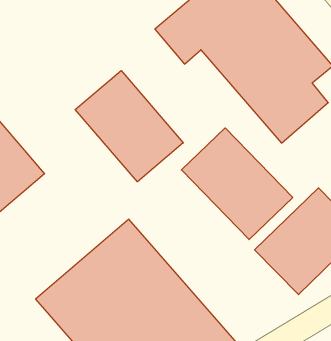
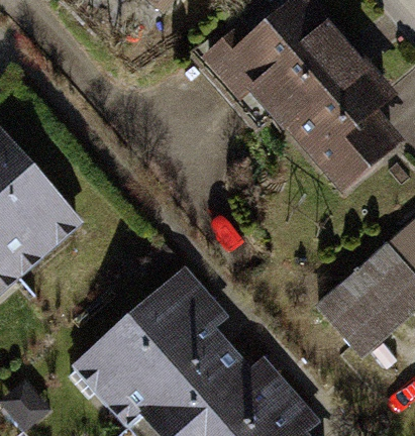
building: [75,71,183,182] -> none
building: [181,128,293,240] -> none

